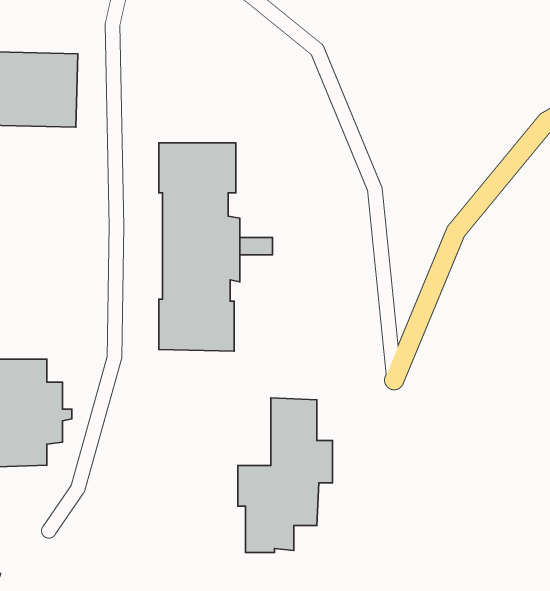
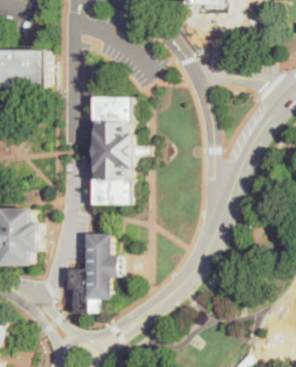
building: [238,398,332,552] -> [68,234,117,314]

